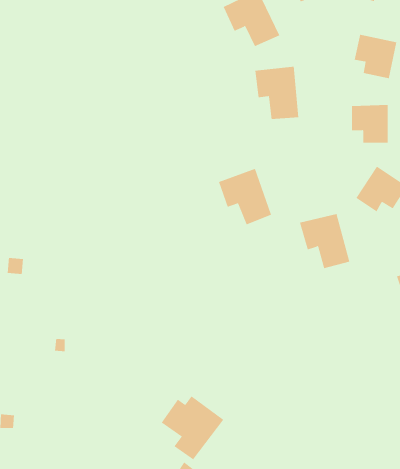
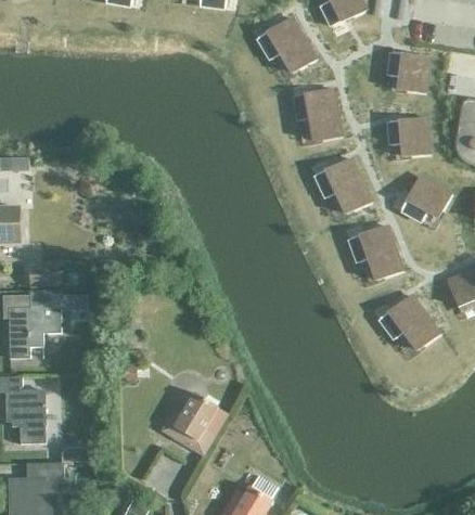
building: [218,168,272,225] -> [316,157,370,213]
building: none -> [380,294,439,349]
building: [161,396,224,460] -> [168,391,229,453]

